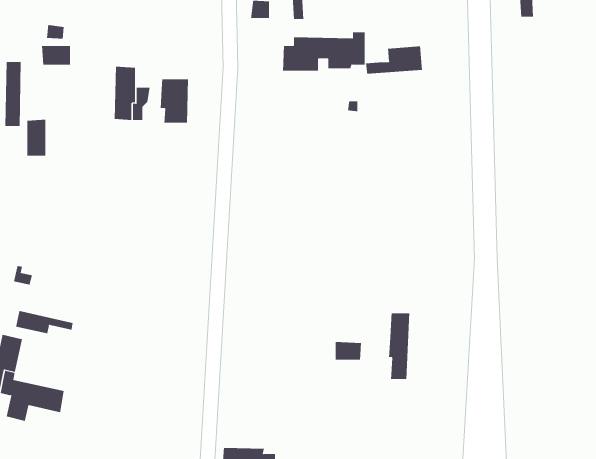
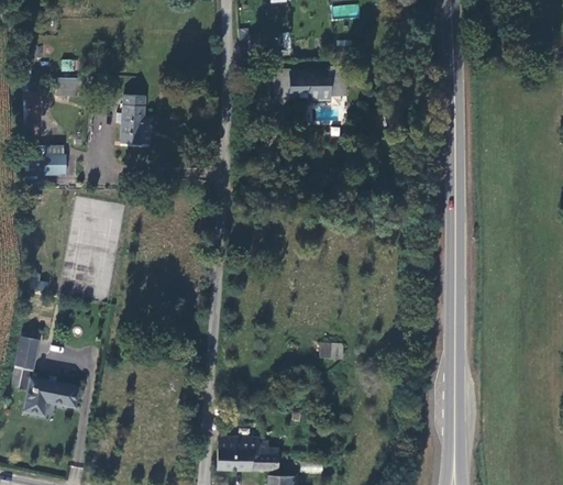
building: [366,46,423,75] -> none
building: [160,78,188,124] -> none
building: [16,310,73,334] -> none
building: [388,313,410,380] -> none

